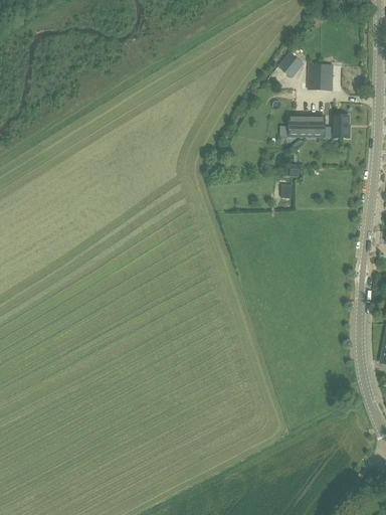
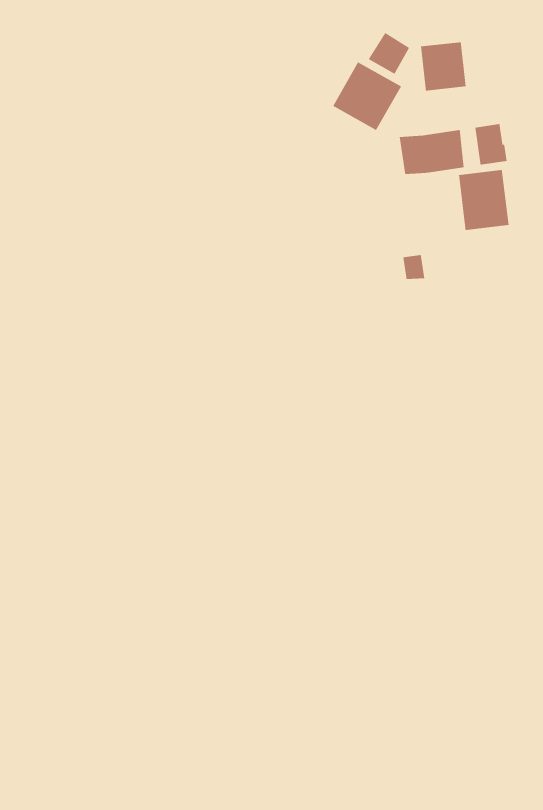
building: none -> [332,62,402,131]
building: none -> [458,169,509,231]

